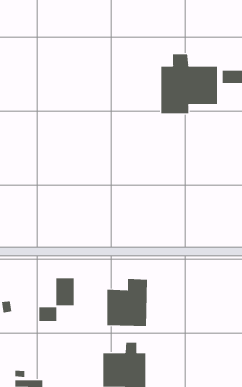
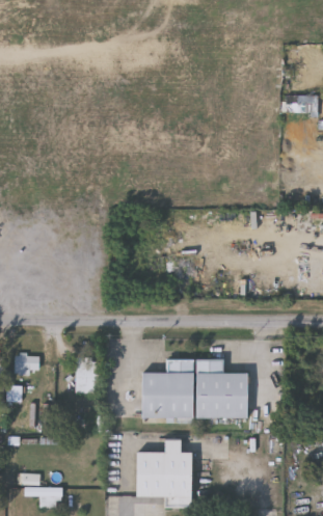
building: [161,54,218,114] -> none
building: none -> [195,358,247,418]
building: [38,307,57,322] -> [16,355,39,374]

